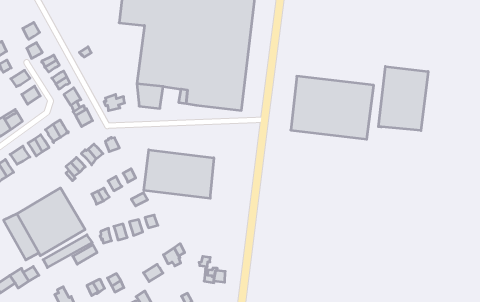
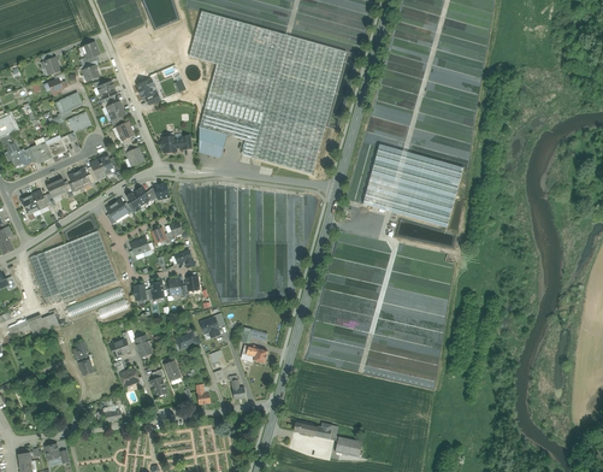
building: [378,66,428,131] -> none
building: [144,150,214,198] -> none

